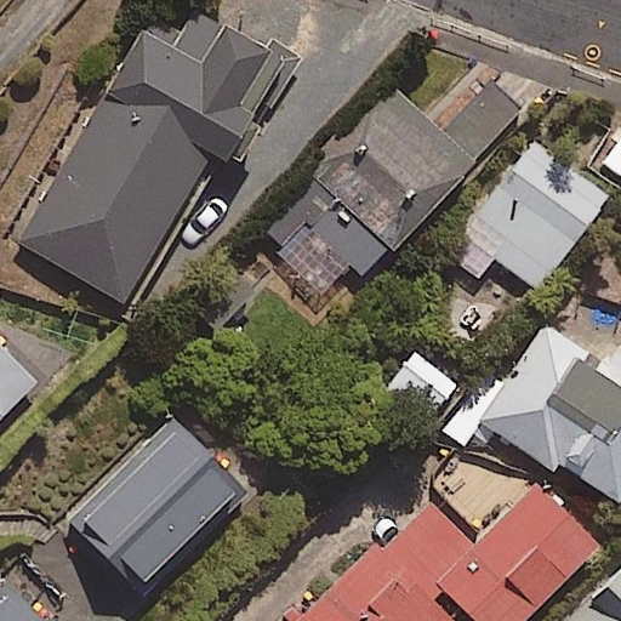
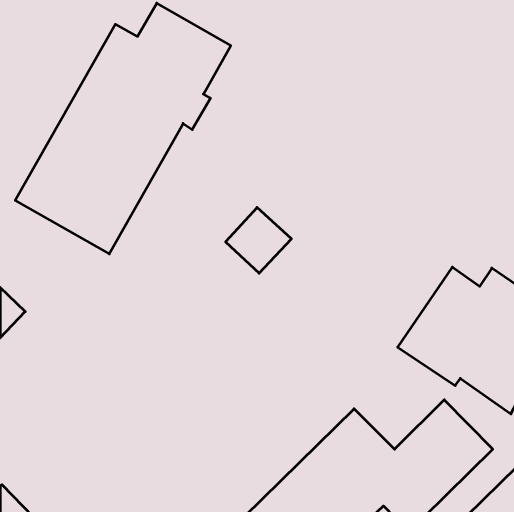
building: [260,78,519,278] -> none
building: [463,141,605,291] -> none
building: [73,422,237,585] -> none

